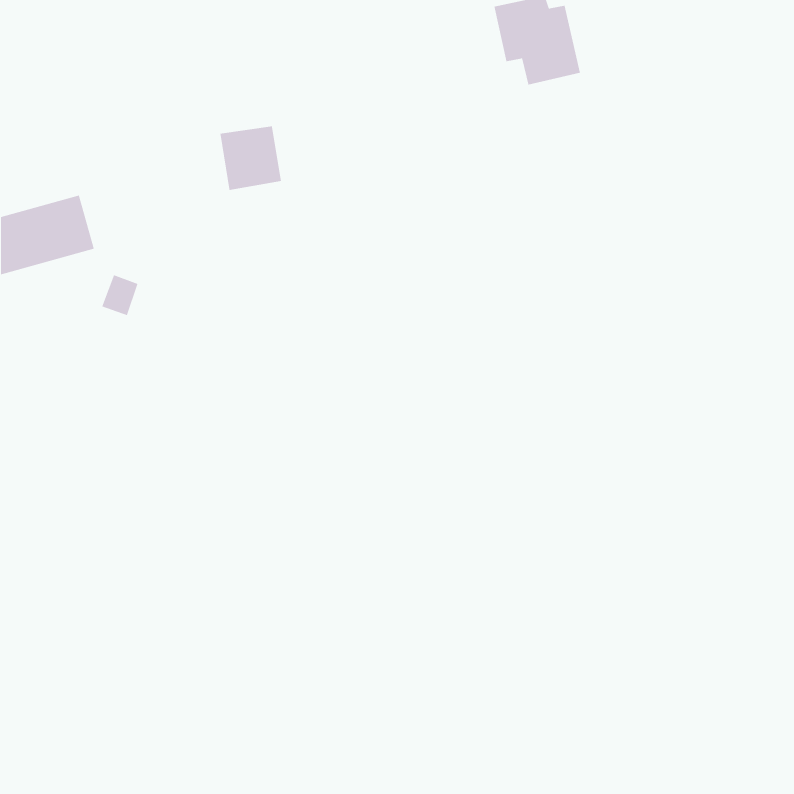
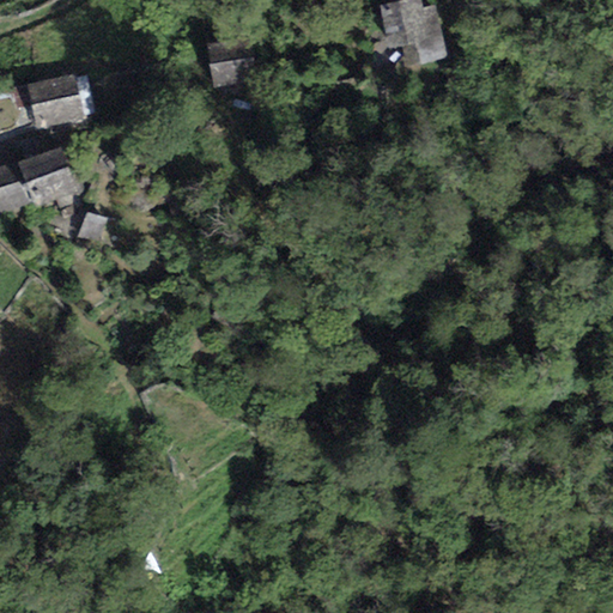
building: none -> [30,74,84,128]
building: [220,125,282,191] -> [207,37,255,87]

